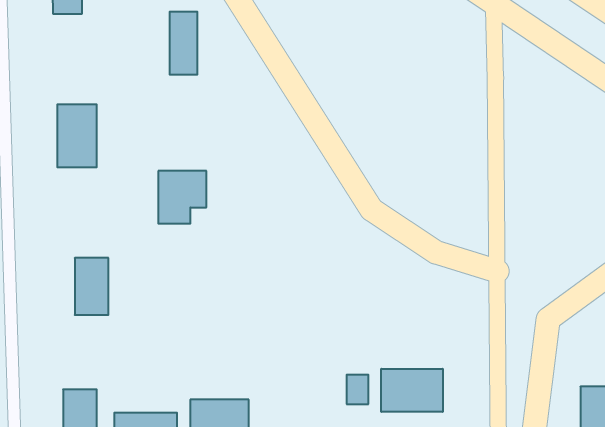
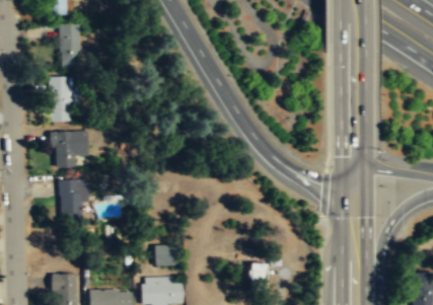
building: [170,12,197,75] -> [61,22,80,66]
building: [158,171,206,224] -> [55,131,88,167]
building: none -> [157,243,182,264]
building: [381,369,443,412] -> none

